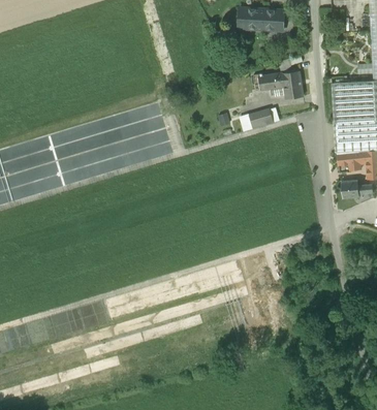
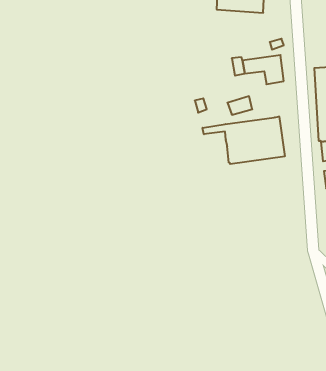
building: none -> [203,116,285,164]

